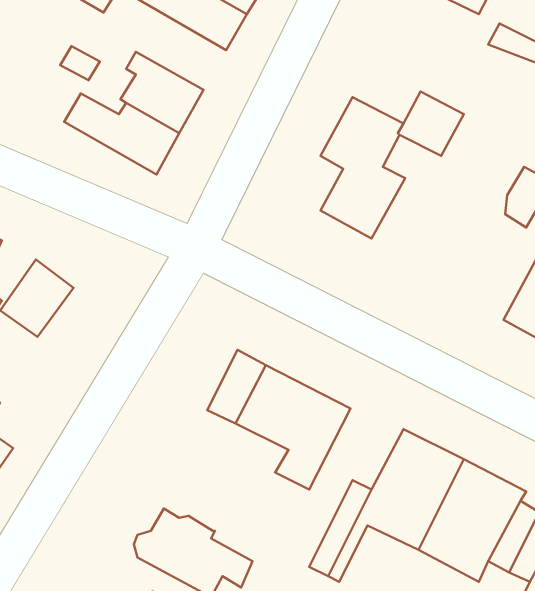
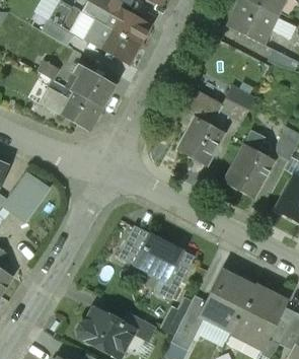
building: none -> [223,143,275,198]
building: none -> [119,311,156,343]

